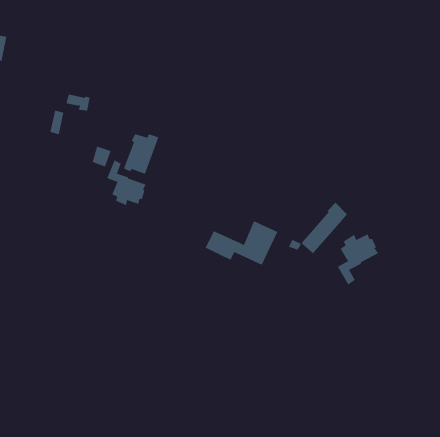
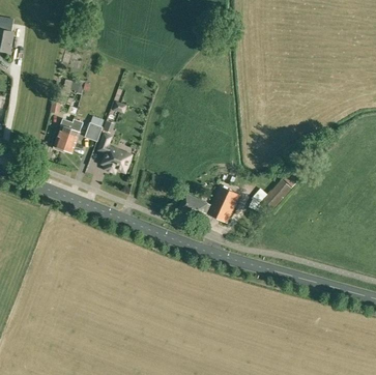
building: [123,134,159,175] -> [53,118,83,152]
building: [337,233,379,285] -> none

